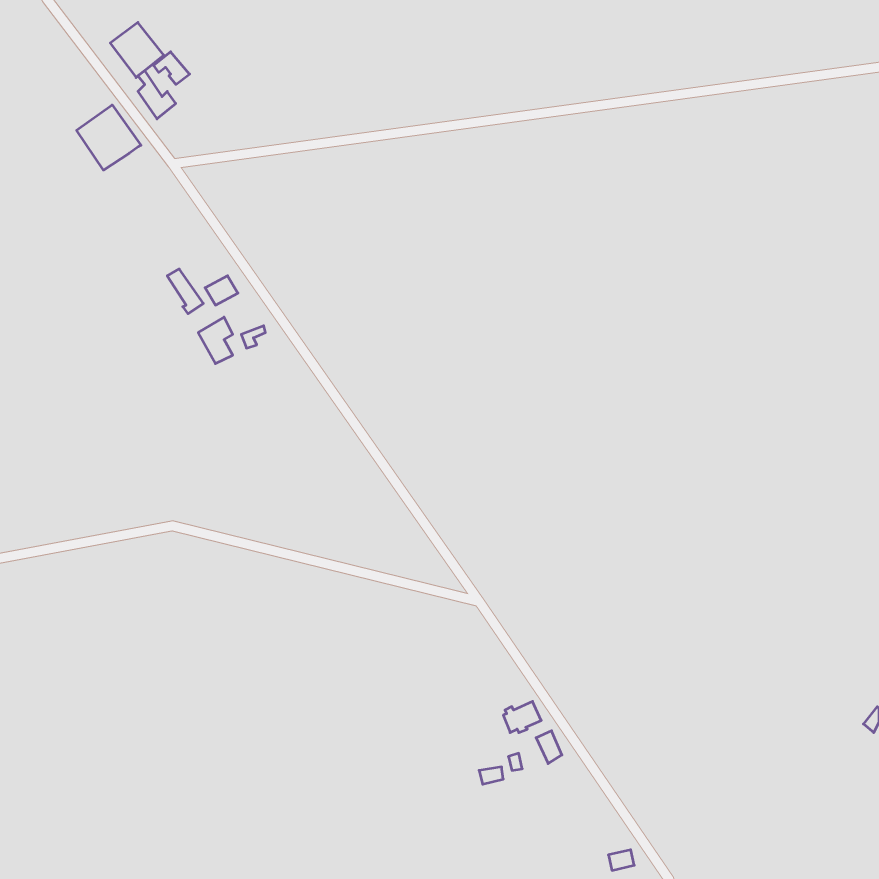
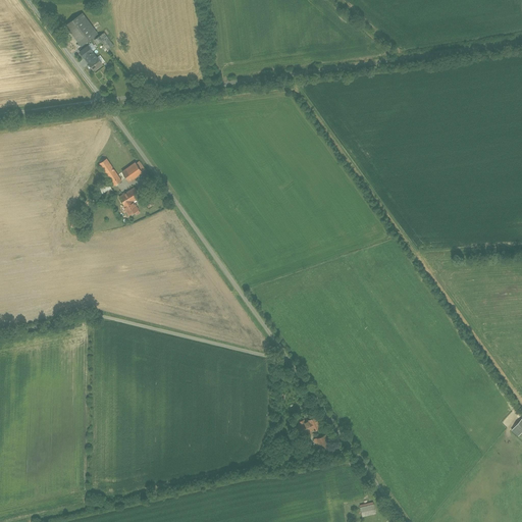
building: [77,105,141,170] -> none

